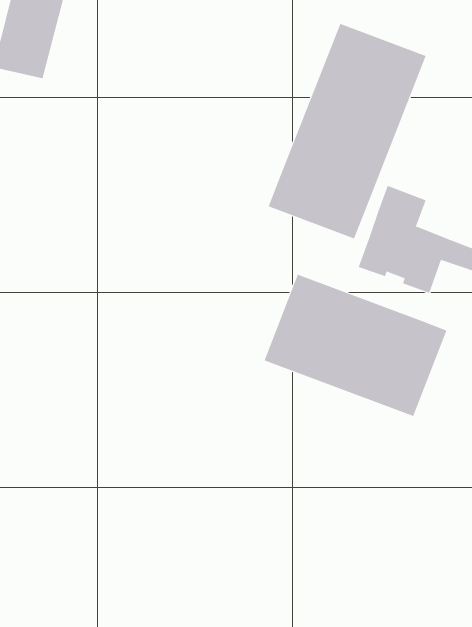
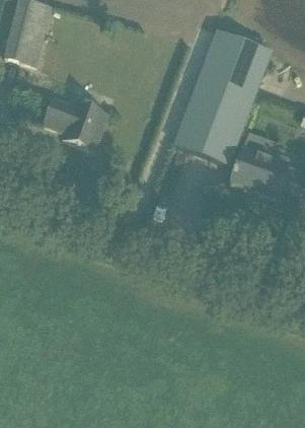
building: none -> [43,97,105,149]
building: [264,274,447,417] -> none

